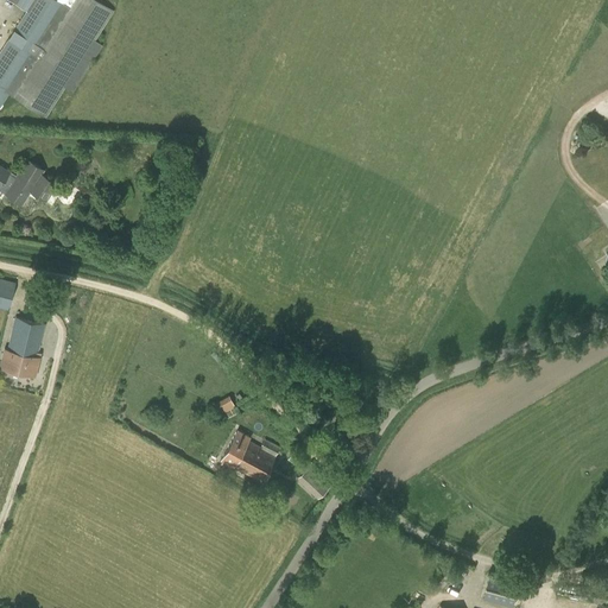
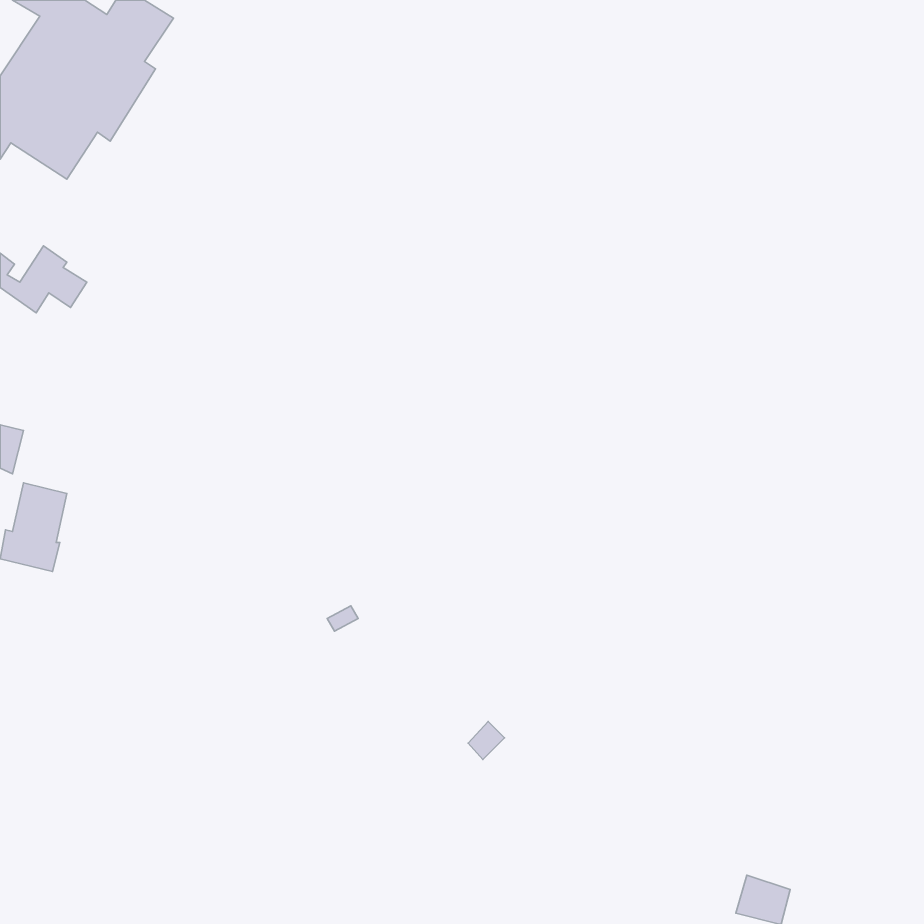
building: [221,430,274,482] -> none

